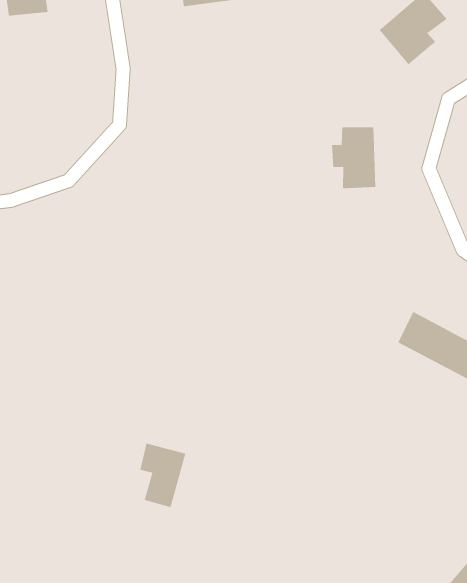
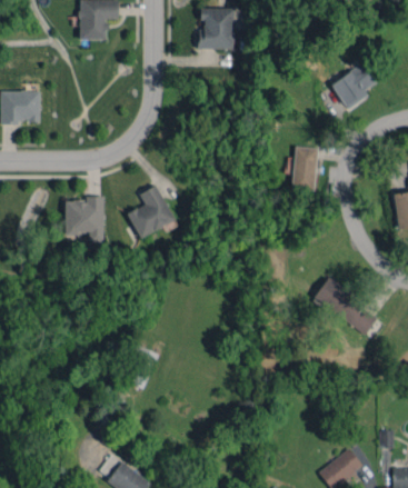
building: none -> [128,185,176,238]
building: none -> [66,199,105,242]

